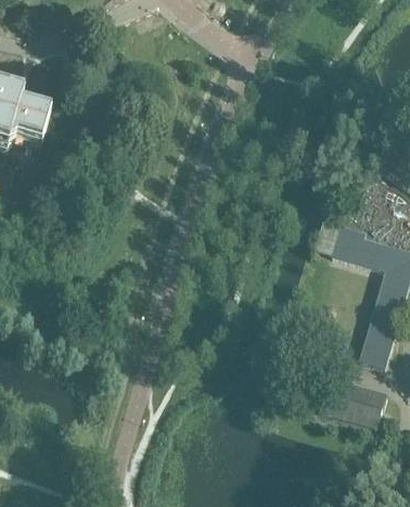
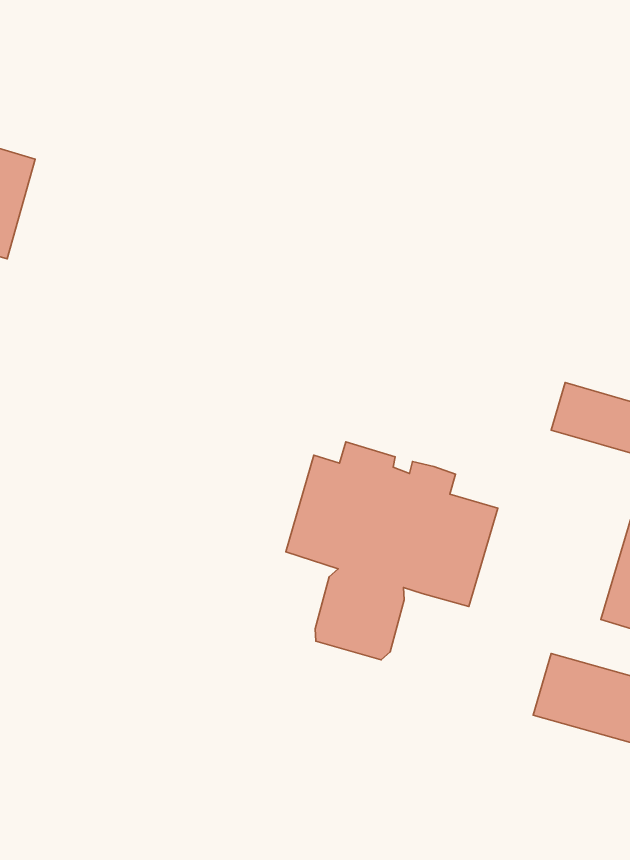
building: none -> [286,442,498,660]

